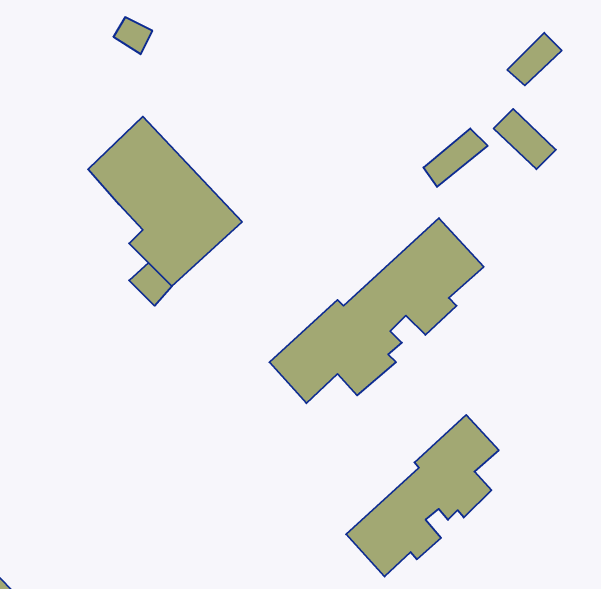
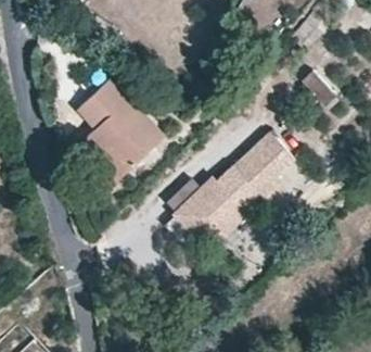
building: [346,415,499,577] -> none

